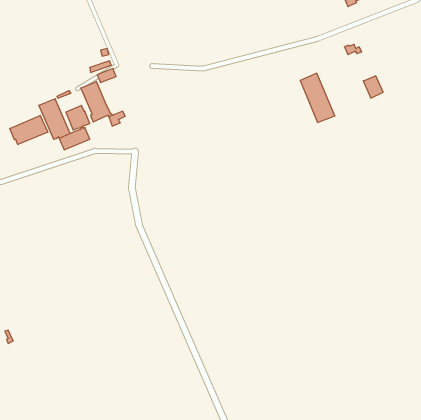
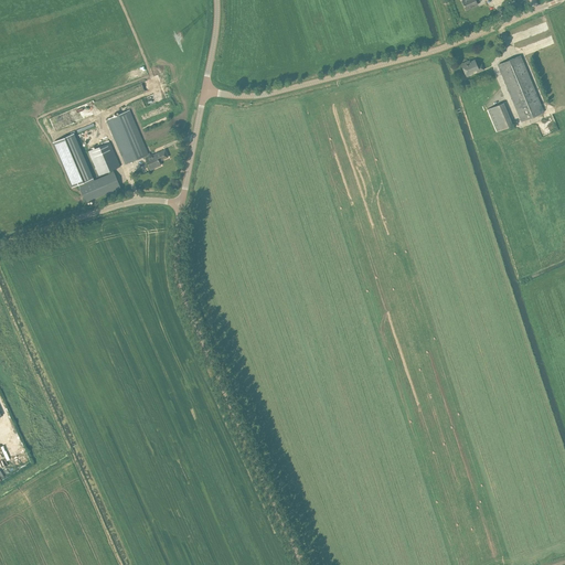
building: [300,73,335,122] -> [498,54,544,120]
building: [10,115,48,145] -> none

